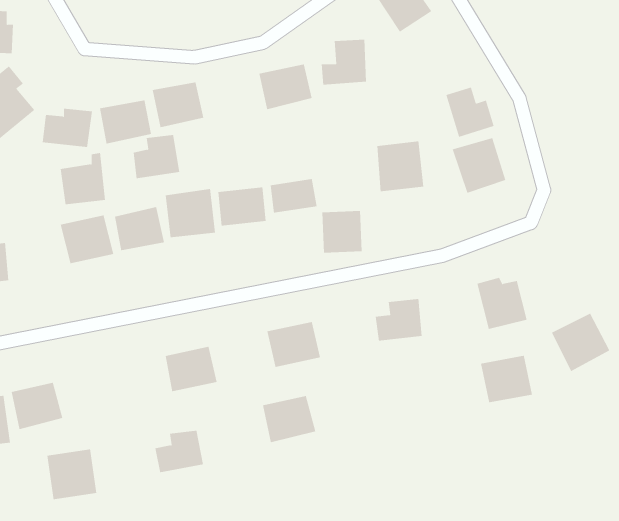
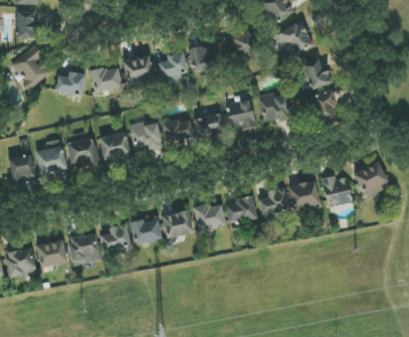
building: none -> [277,22,315,59]
building: [133,134,180,179] -> [159,51,188,78]
building: [60,152,106,205] -> [37,141,65,173]
building: [321,211,362,253] -> [228,102,253,128]
building: none -> [227,196,257,220]
building: [551,313,610,372] -> [354,161,390,197]
building: [480,355,533,403] -> [288,181,321,210]
building: [262,395,316,443] -> [162,210,195,239]
building: [154,430,204,473] -> [100,224,131,250]
building: [46,449,97,500] -> [68,233,99,265]

